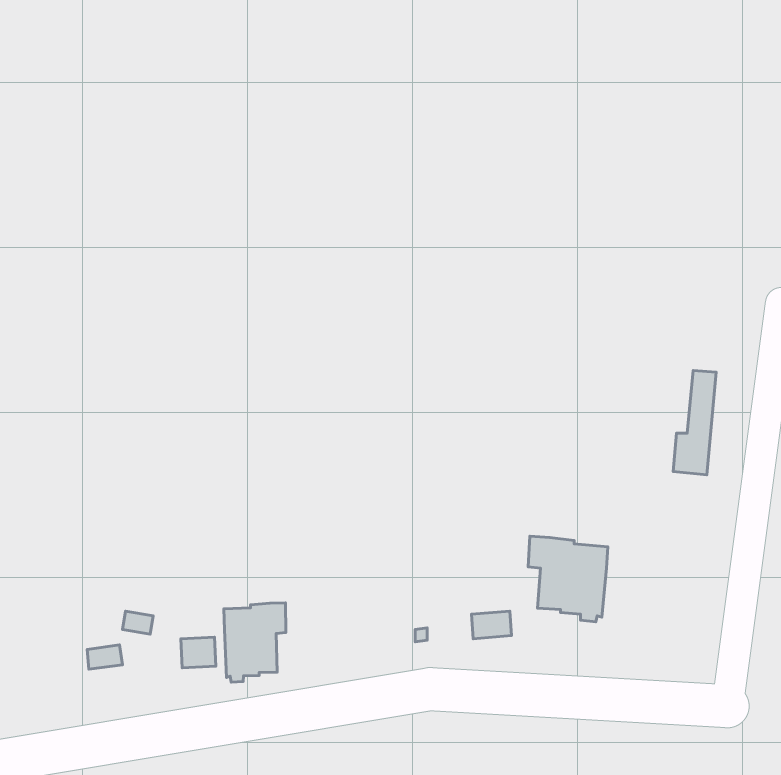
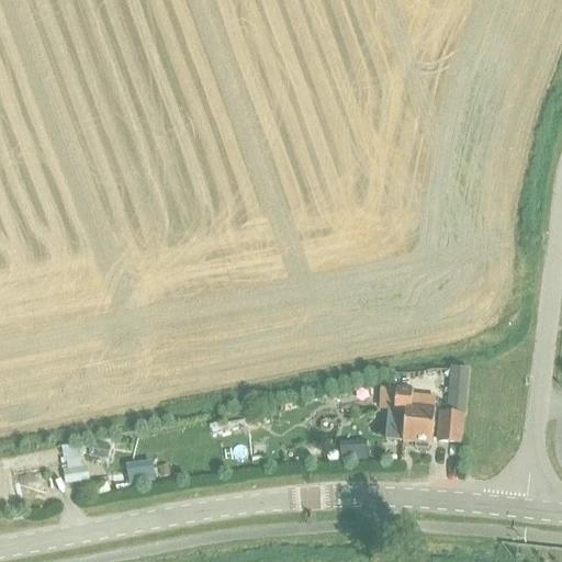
building: [673,371,716,475] -> [437,366,468,440]
building: [224,603,286,682] -> none

